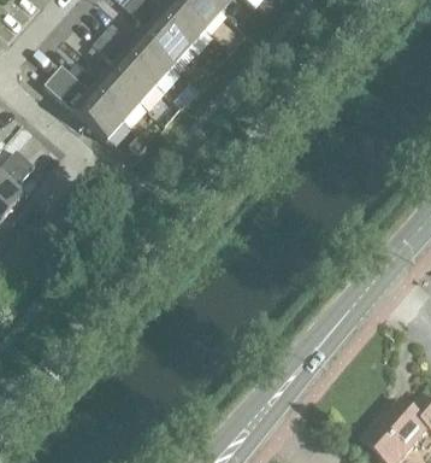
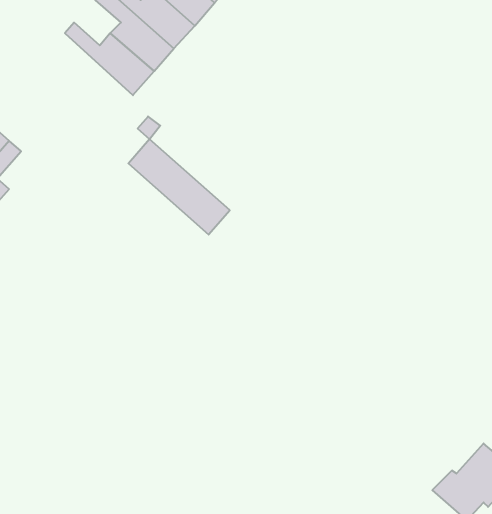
building: [42,65,123,141] -> [128,139,230,235]

